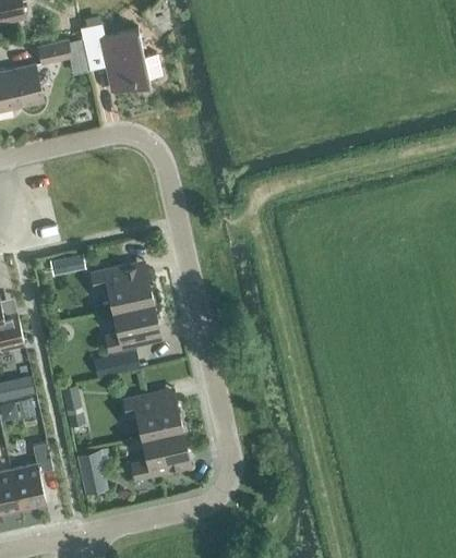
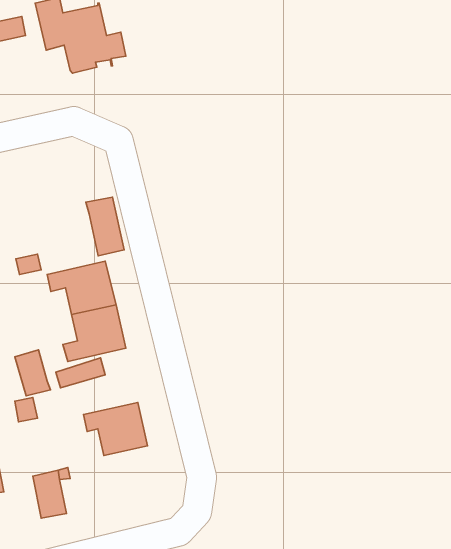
building: none -> [86,197,124,256]
building: none -> [15,350,50,396]
building: [130,428,190,480] -> none

